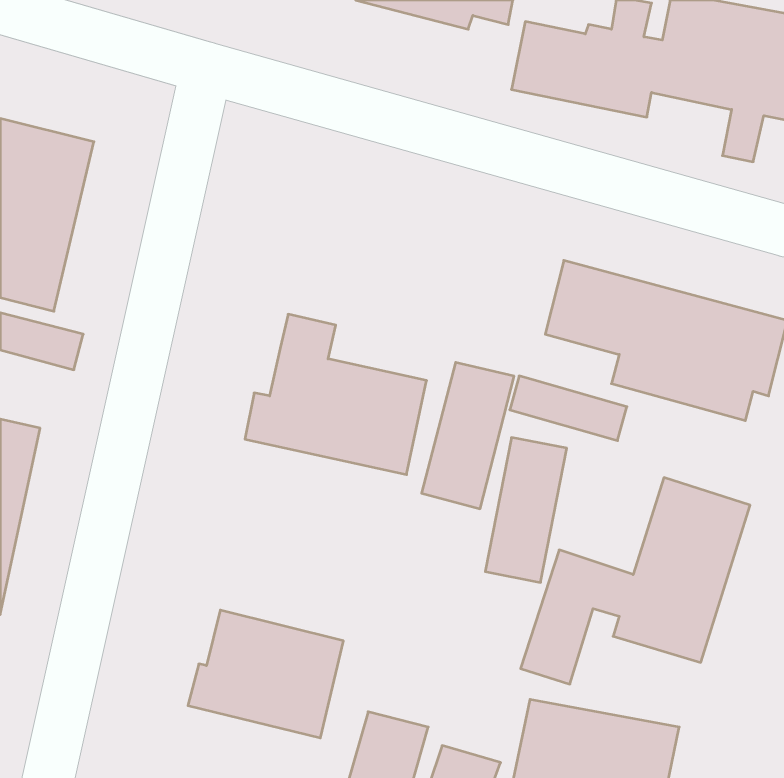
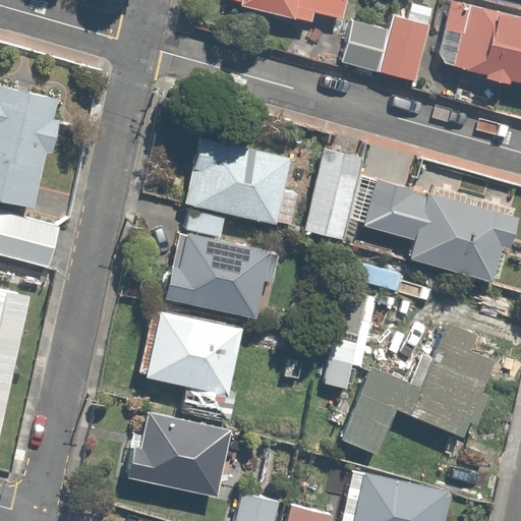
building: none -> [182,133,294,224]
building: [422,362,514,509] -> [301,149,362,245]
building: none -> [144,308,243,421]

